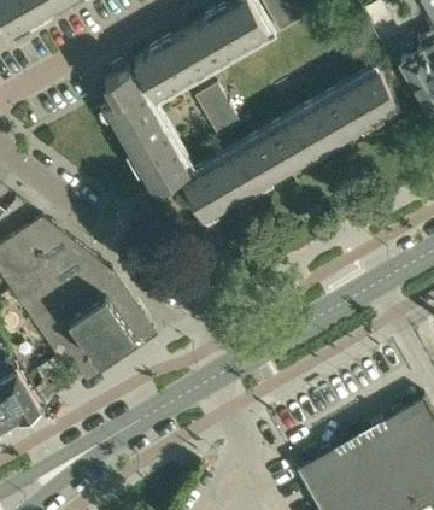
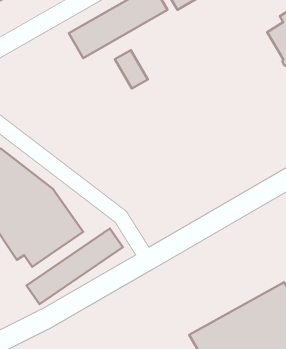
building: [104,68,188,192] -> none
building: [183,70,399,217] -> none
building: none -> [27,228,123,304]

